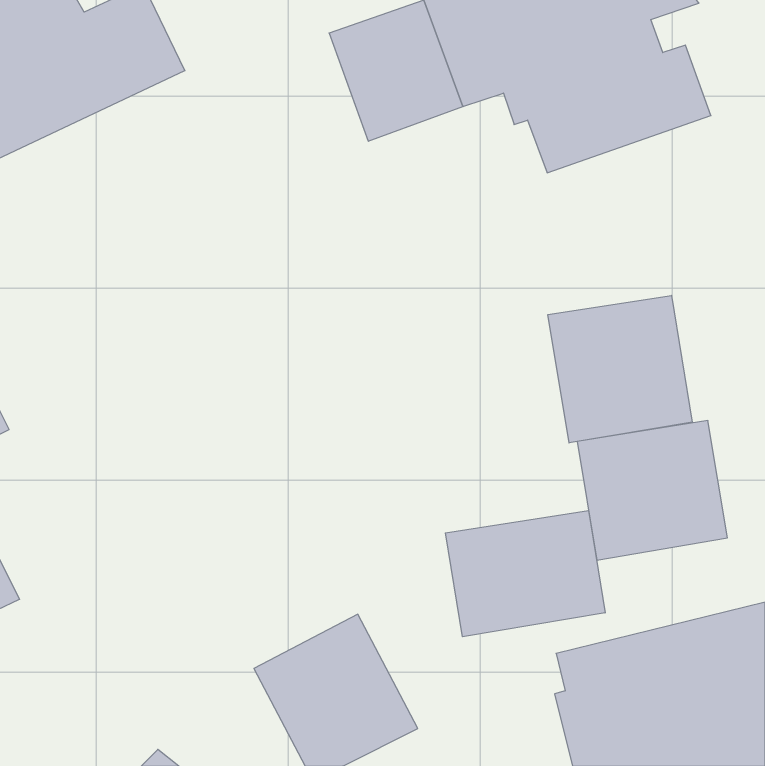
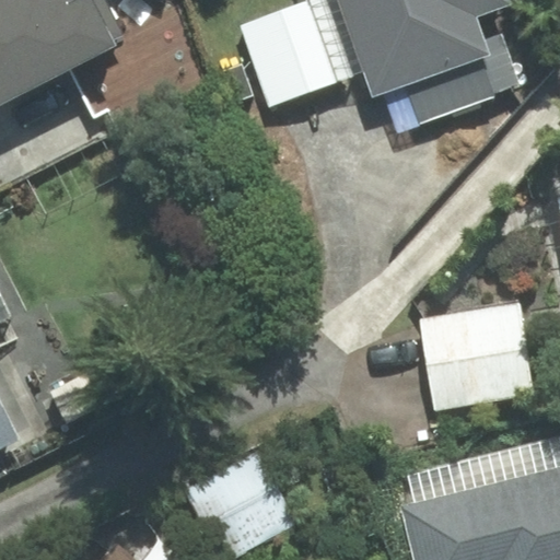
building: [548,295,692,443] -> none
building: [445,510,605,637] -> none

